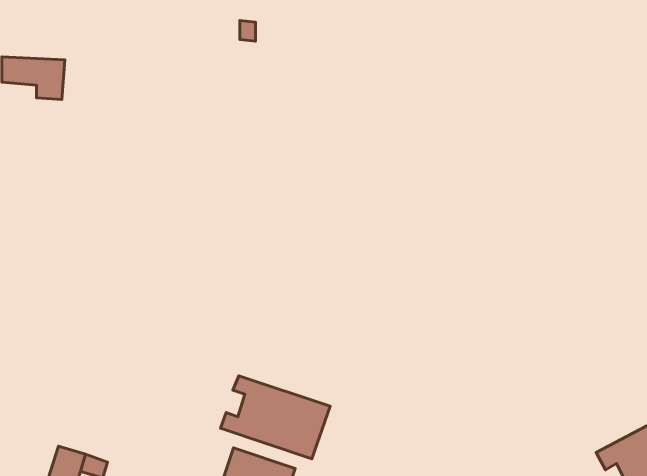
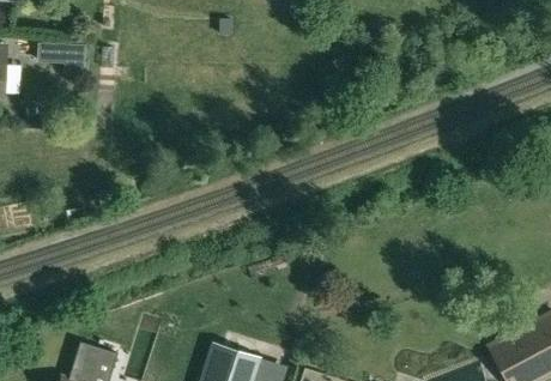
building: [221,376,330,459] -> none

